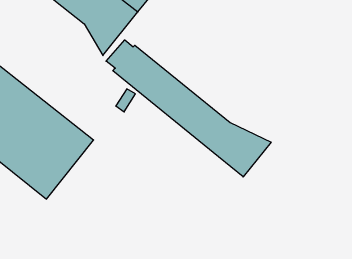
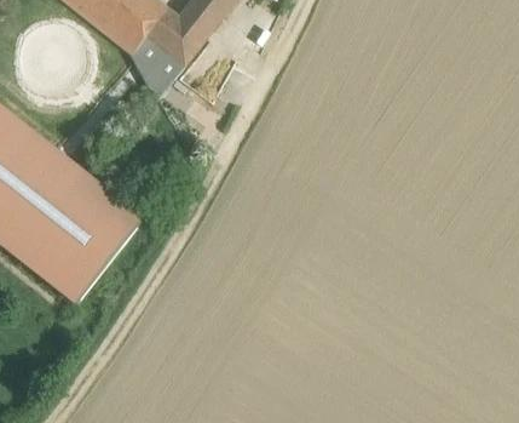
building: [106,40,271,177] -> none

